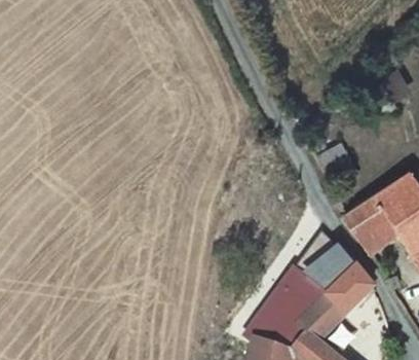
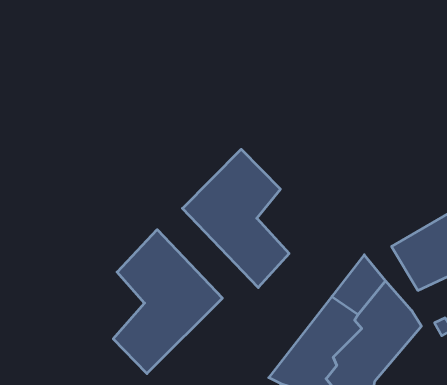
building: none -> [182,149,289,288]
building: none -> [113,230,222,374]

